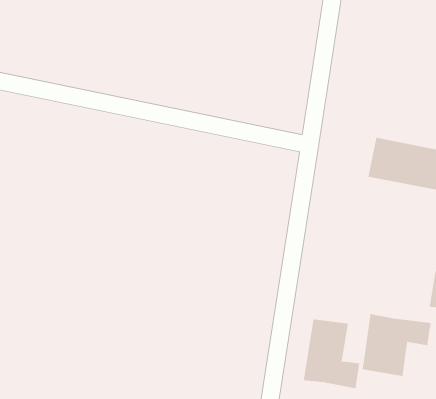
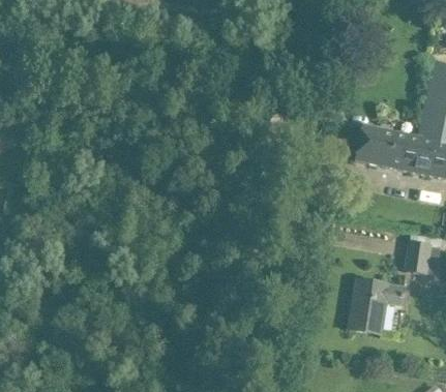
building: [303,318,360,389] -> none

